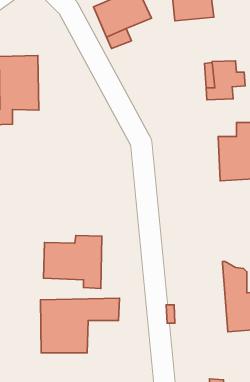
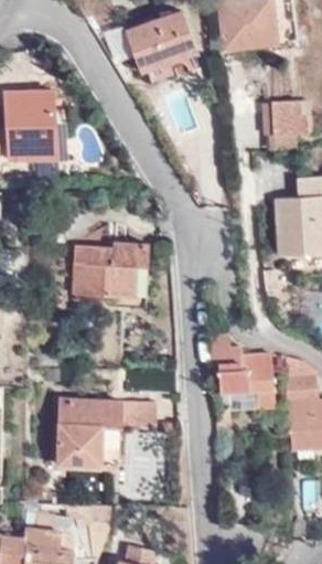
building: [44,235,102,288] -> [74,243,148,310]
building: none -> [211,331,271,405]

